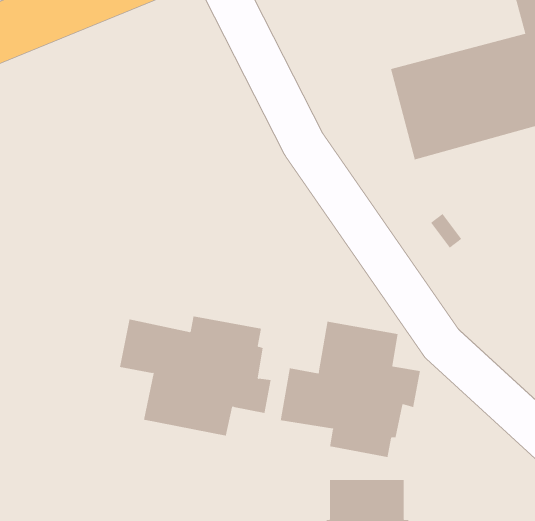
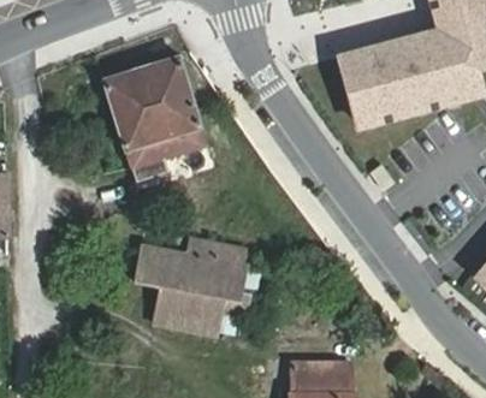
building: none -> [103,57,206,180]
building: [280,321,420,458] -> none

